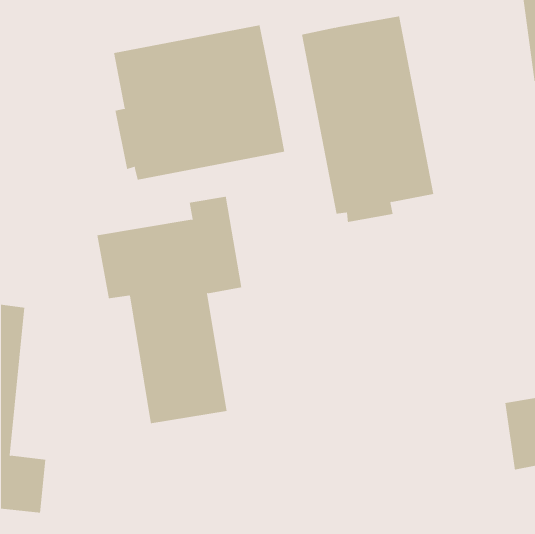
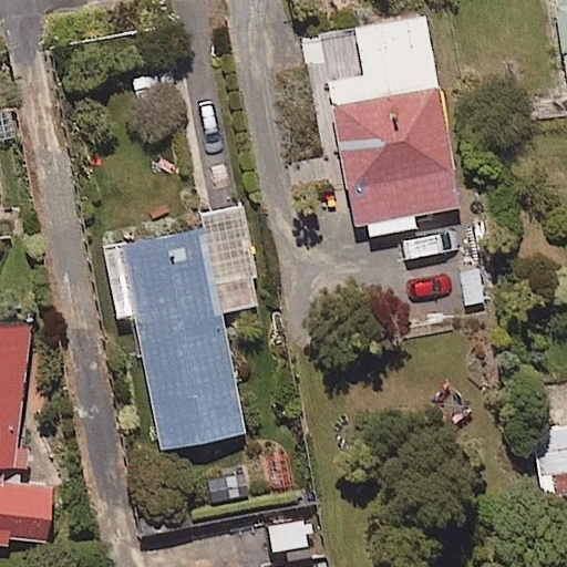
building: [114,25,285,181] -> none

